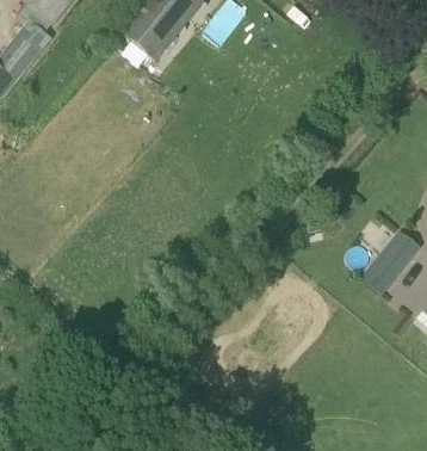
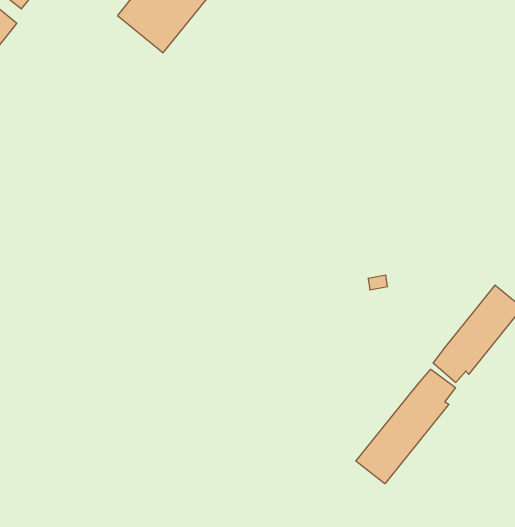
building: none -> [356,369,456,484]

